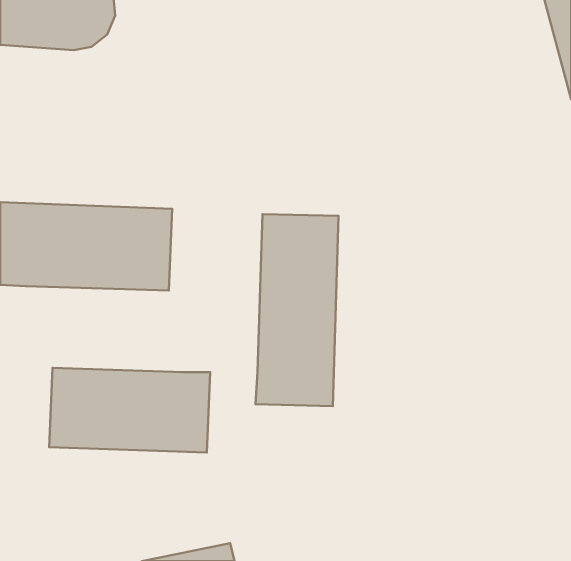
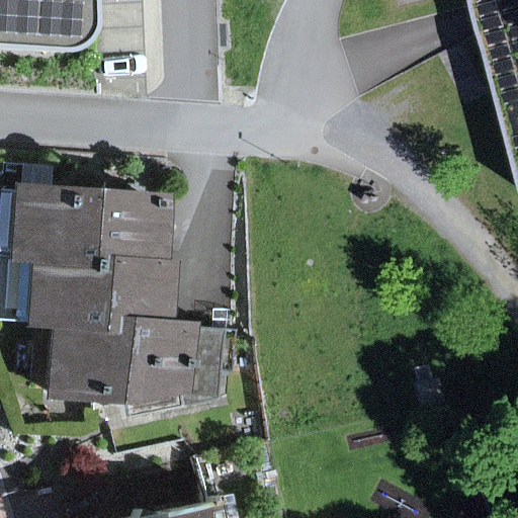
building: [255,214,339,406] -> none
building: none -> [21,259,168,337]

